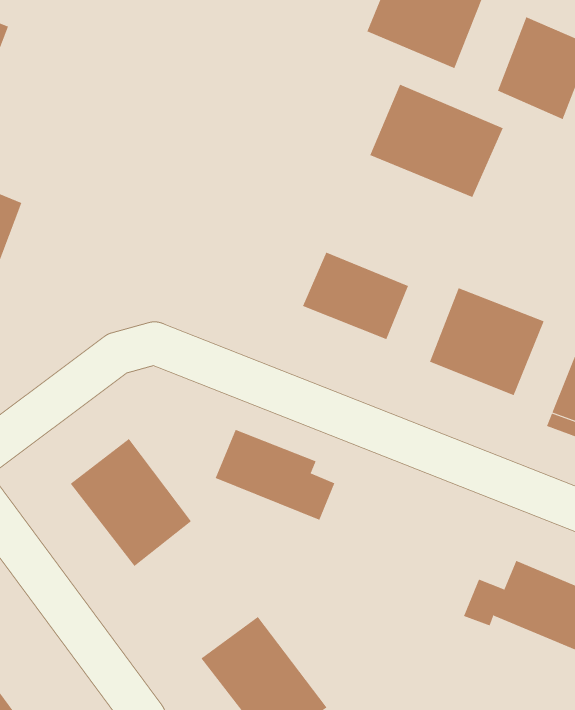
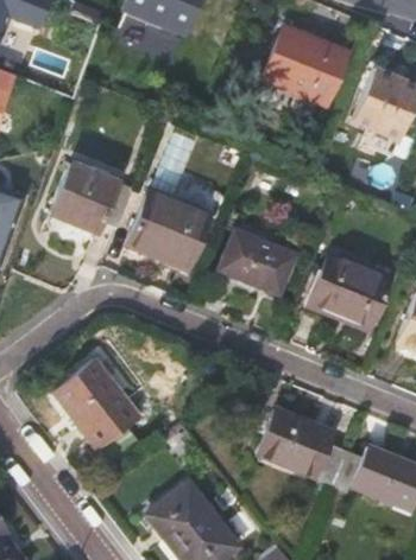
building: [369,84,503,198] -> none
building: none -> [51,164,134,234]
building: none -> [130,186,213,266]
building: [215,429,335,521] -> [259,422,343,486]

